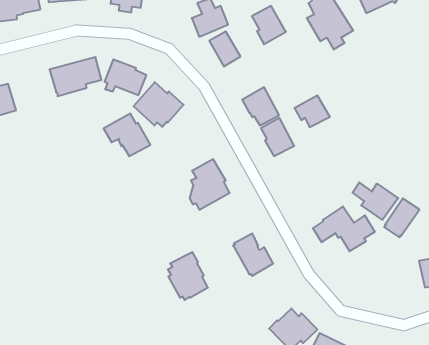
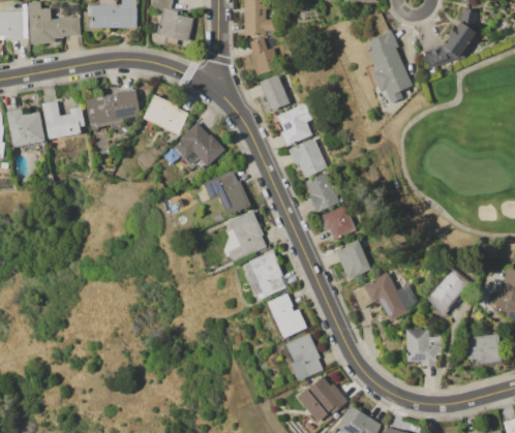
building: [252,6,286,44] -> [277,105,312,146]
building: none -> [41,100,85,138]
building: [294,95,330,127] -> [320,205,357,238]
building: [104,114,150,156] -> [203,169,251,215]
building: none -> [335,239,370,279]
building: [353,182,398,220] -> none
building: [168,252,208,300] -> [244,248,285,299]
building: none -> [405,329,443,366]
building: none -> [285,333,324,381]

